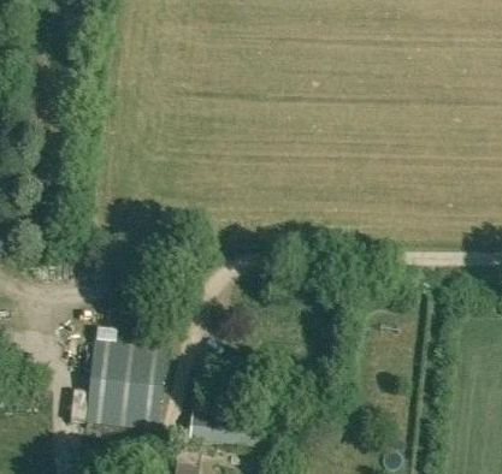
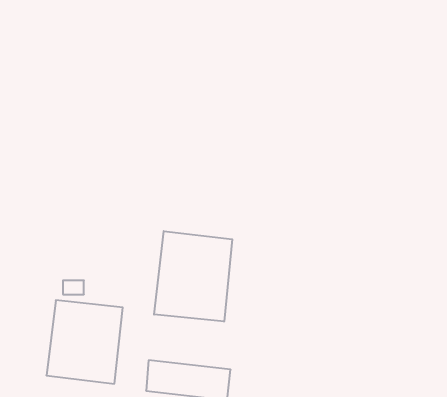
building: none -> [154,231,232,322]

